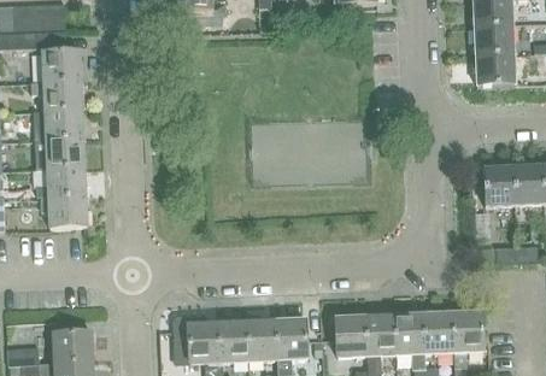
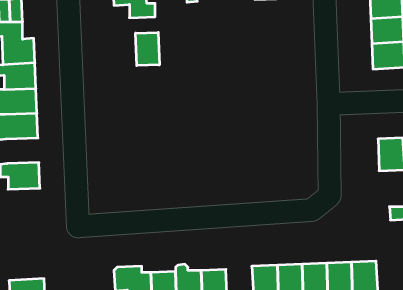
building: none -> [136,32,159,66]
building: [47,166,86,196] -> none

